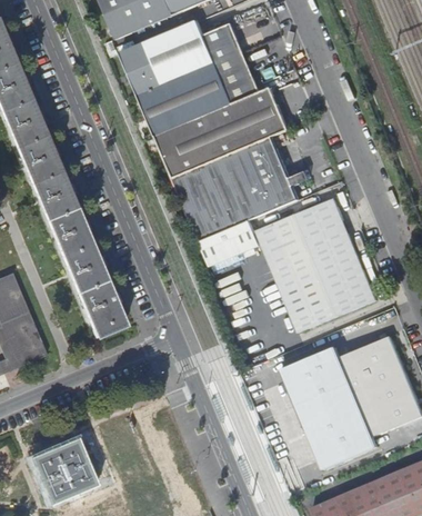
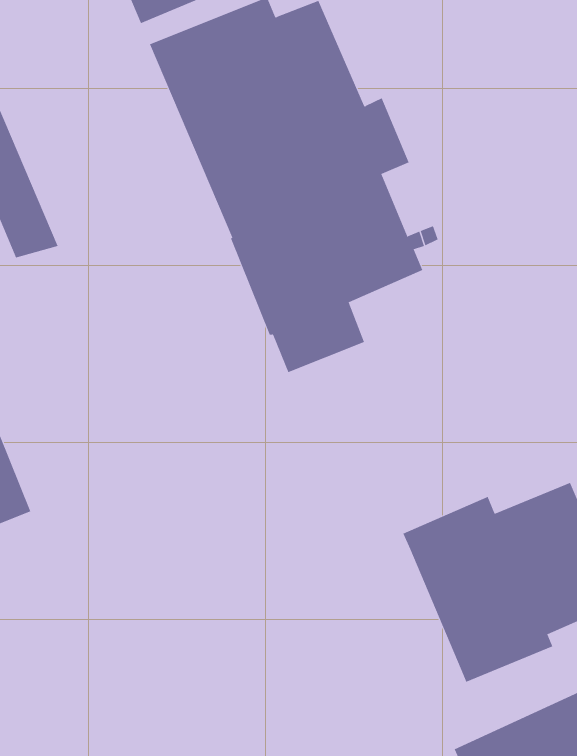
building: [36,182,122,335] -> none
building: [259,197,380,331] -> none
building: [34,443,91,499] -> none

